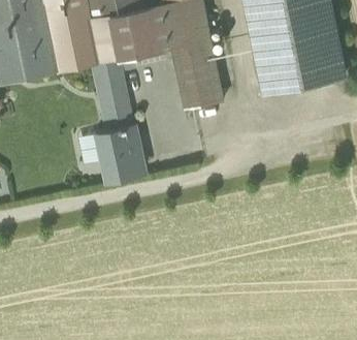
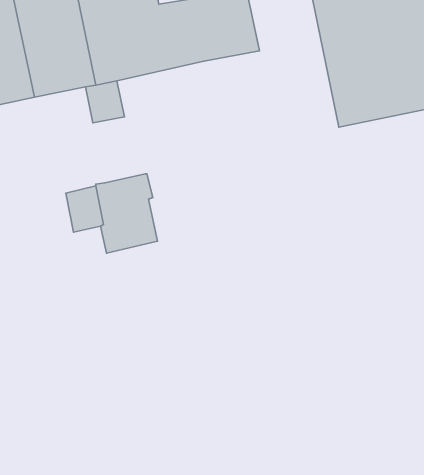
building: [172,41,224,111] -> none
building: [96,87,132,132] -> none

